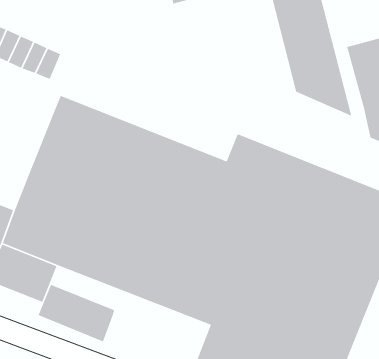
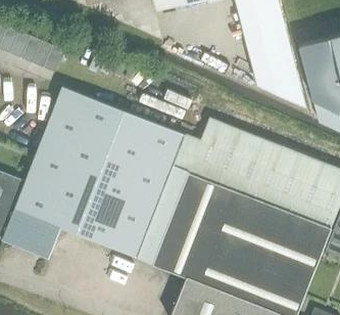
building: [38,284,115,342] -> none

